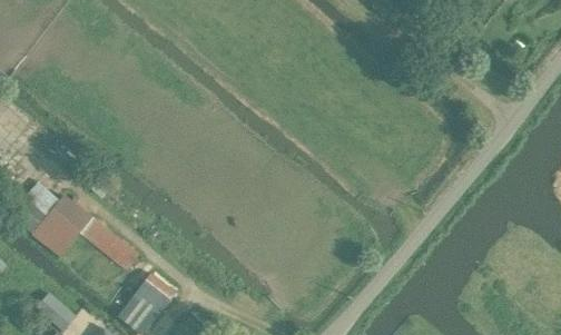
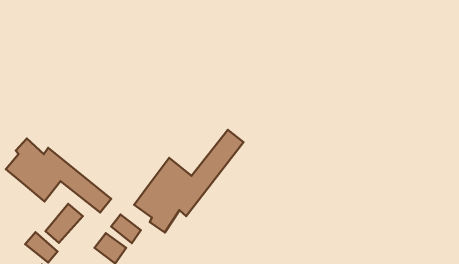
building: none -> [134,130,243,232]
building: none -> [46,204,83,243]

